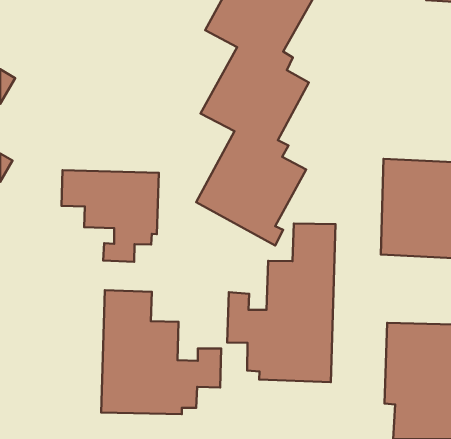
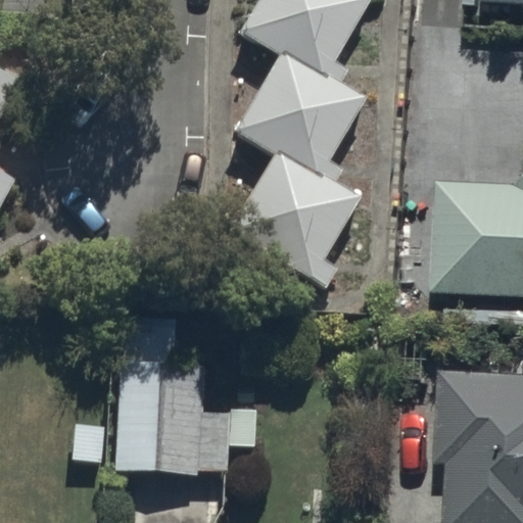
building: [62,170,159,262] -> none
building: [227,223,336,382] -> none

